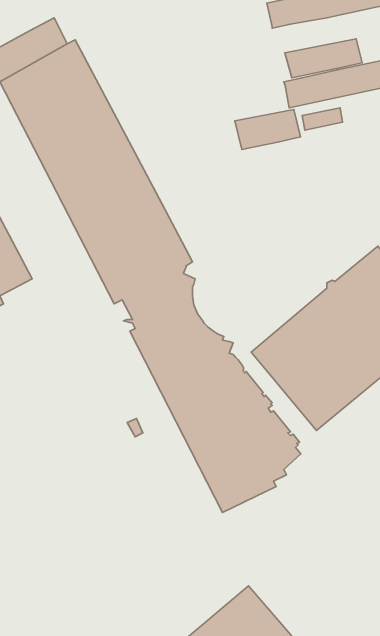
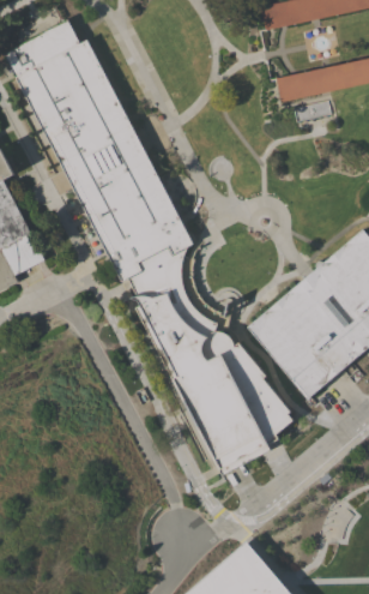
building: [285,39,362,78] -> none
building: [235,109,300,149] -> none

